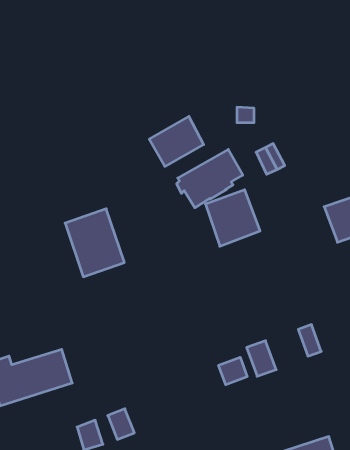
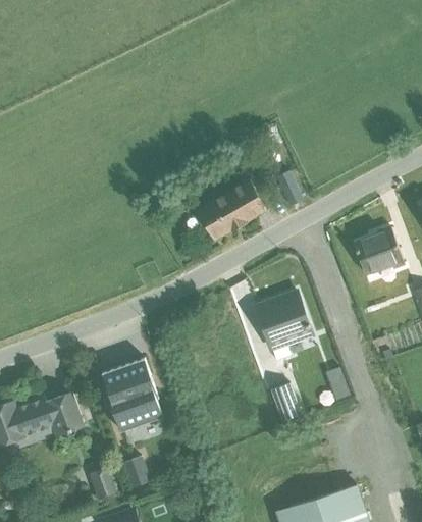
building: [149,116,204,166] -> none
building: [205,190,260,246] -> [255,291,313,351]
building: [65,209,124,277] -> [100,358,163,430]
building: [219,357,247,385] -> none

